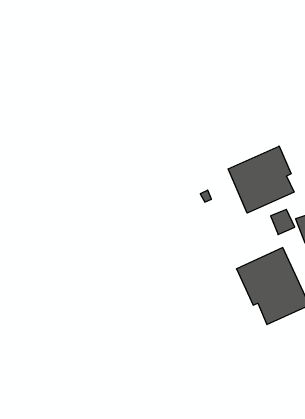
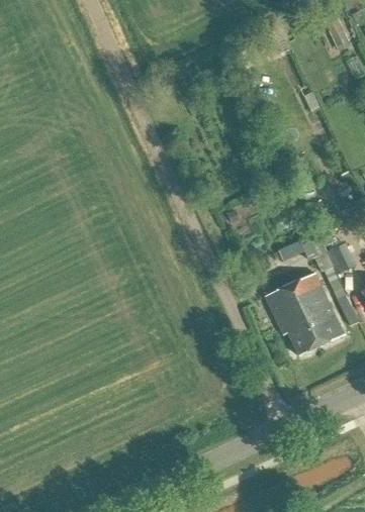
building: [228,146,294,213] -> none

